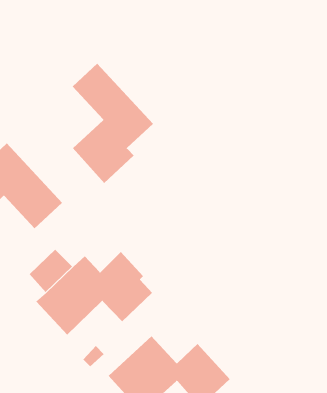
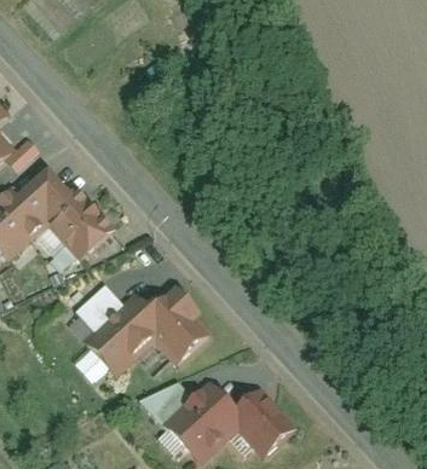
building: [72,63,154,184] -> none

